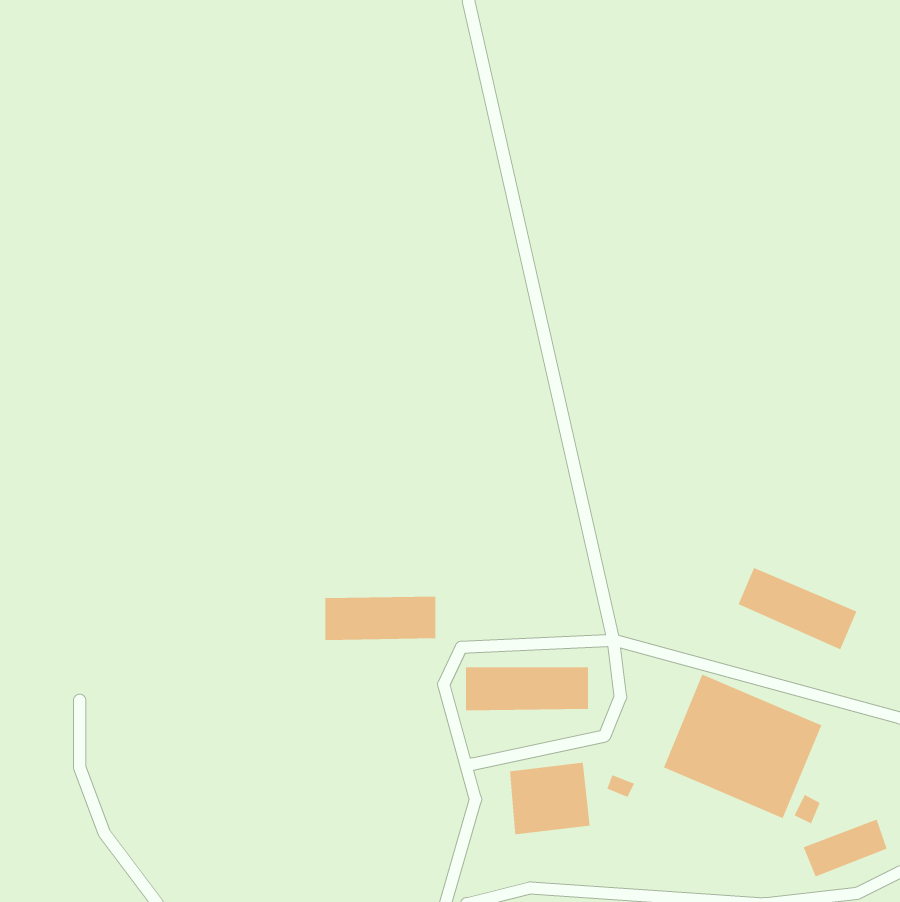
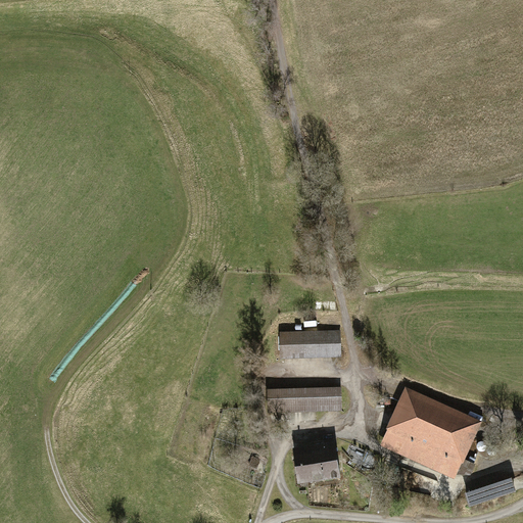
building: [738,567,857,650] -> none
building: [325,596,436,640] -> [279,331,343,356]

